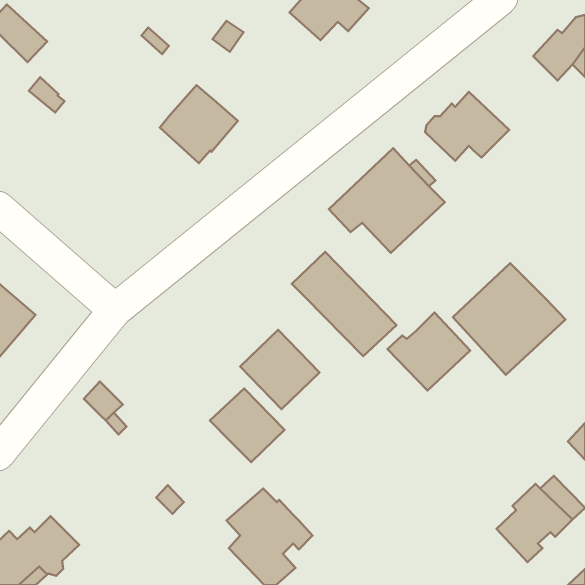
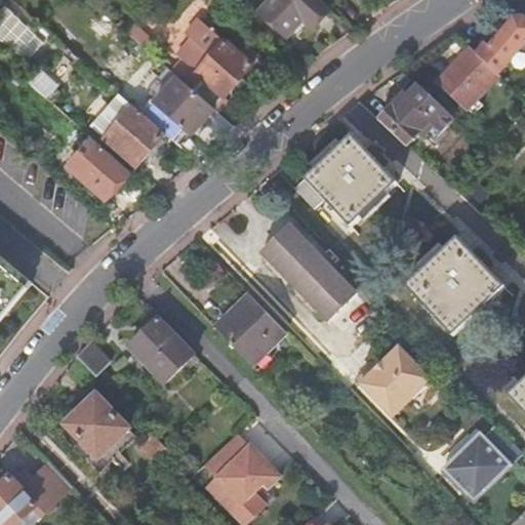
building: none -> [191,37,250,108]
building: none -> [439,46,498,107]
building: none -> [89,93,161,165]
building: none -> [66,137,129,200]
building: [387,312,470,391] -> [355,346,429,415]
building: [210,388,285,462] -> [126,316,193,381]
building: none -> [65,394,127,456]

